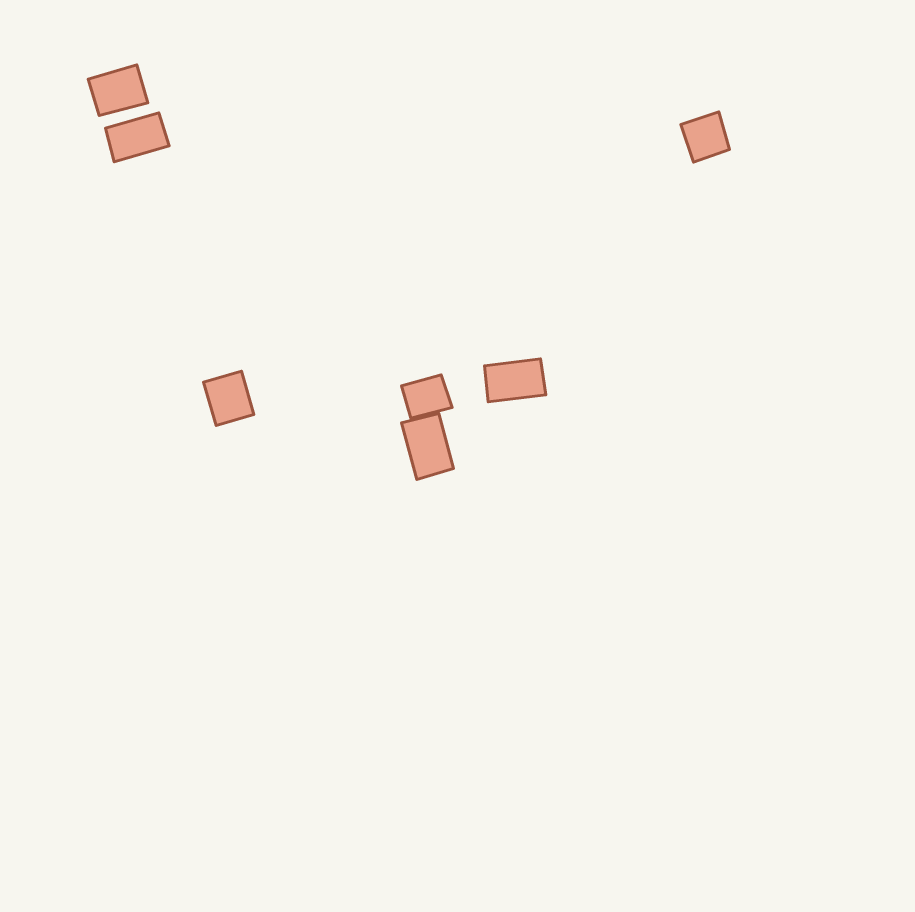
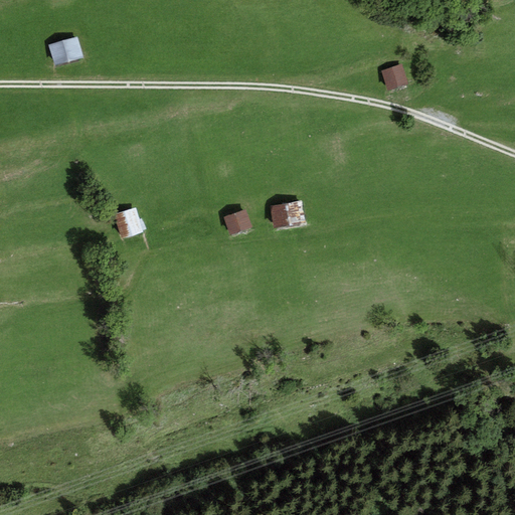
building: [105,113,169,162] -> none
building: [401,414,453,479] -> none

